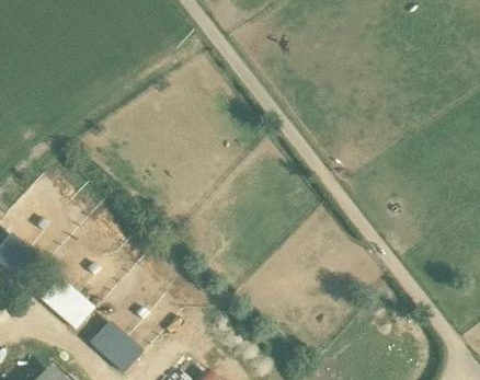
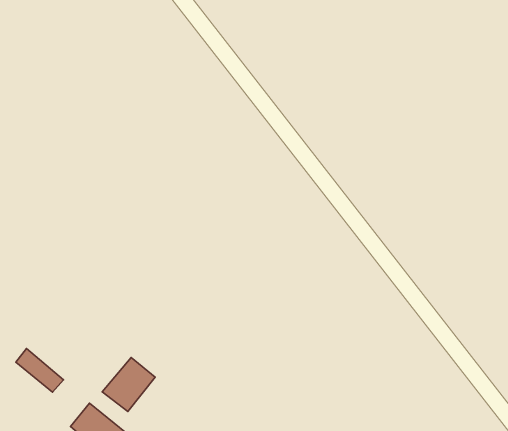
building: none -> [102,357,155,412]

